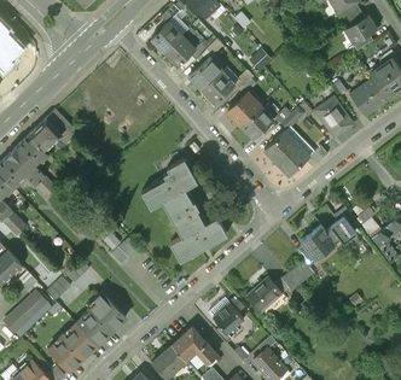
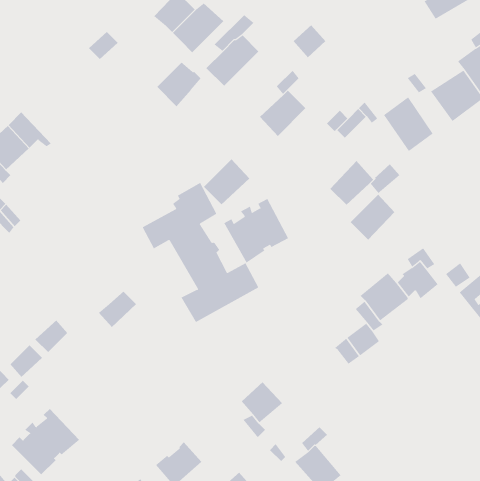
building: [202,72,234,105] -> [156,62,202,107]
building: [240,106,274,140] -> [203,158,250,205]
building: [265,130,297,164] -> [350,194,395,241]
building: none -> [223,198,289,264]
building: [245,277,286,317] -> none
building: [76,292,127,345] -> none
building: [173,327,217,364] -> none

